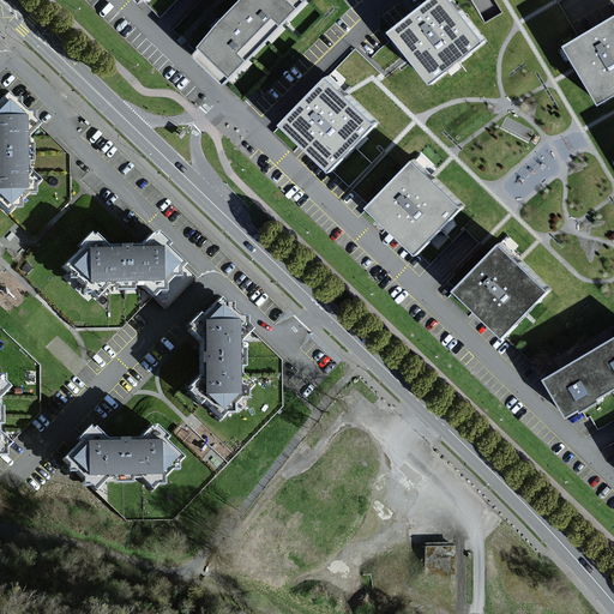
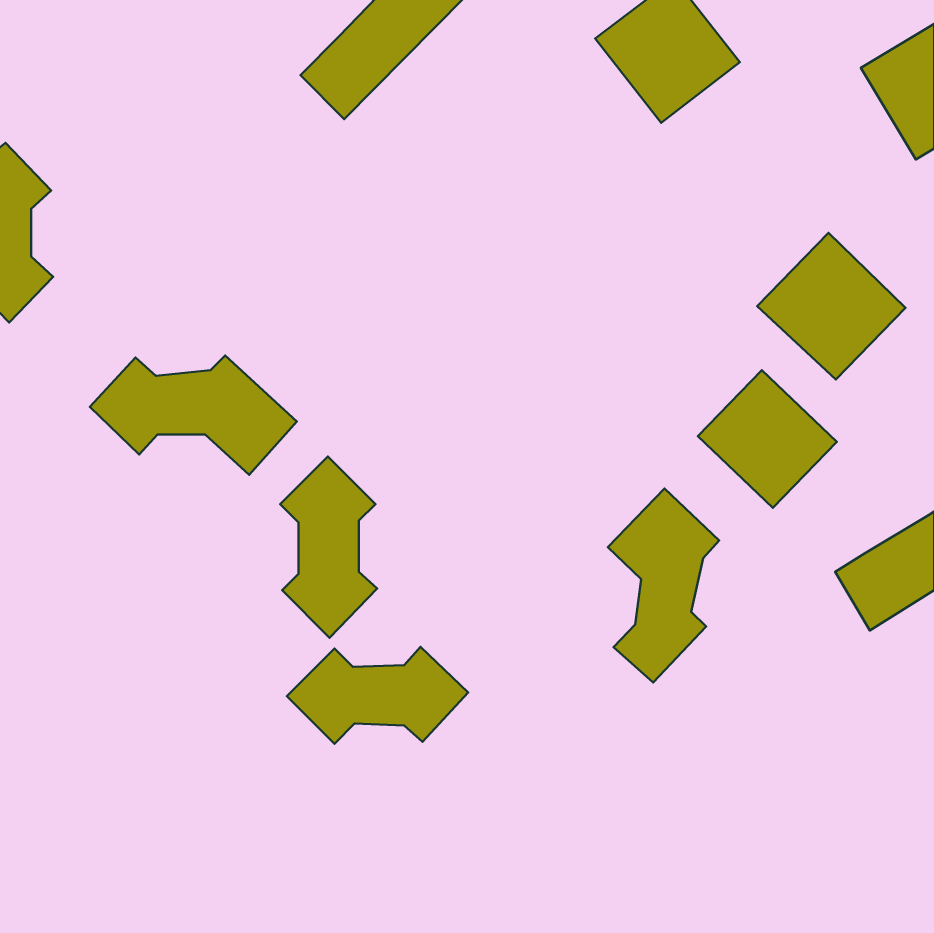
building: [281,74,375,168] -> none
building: [366,156,463,252] -> [757,233,905,379]
building: none -> [608,488,719,683]
building: [60,429,179,493] -> [287,647,468,744]

